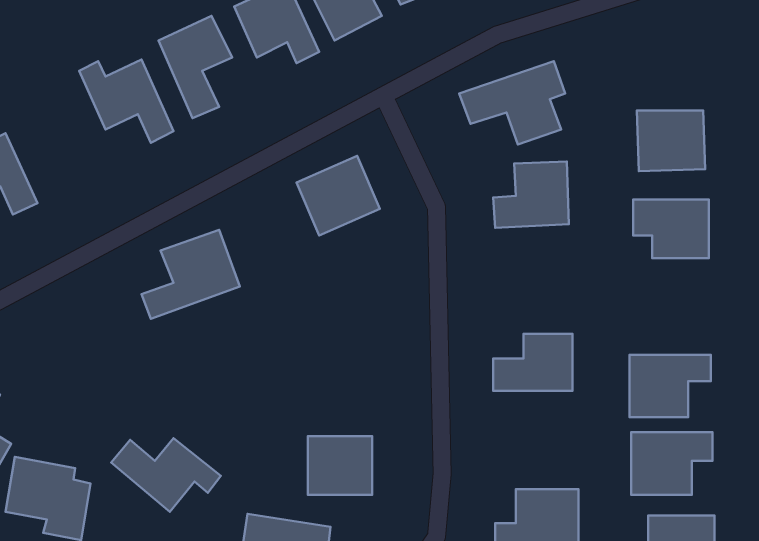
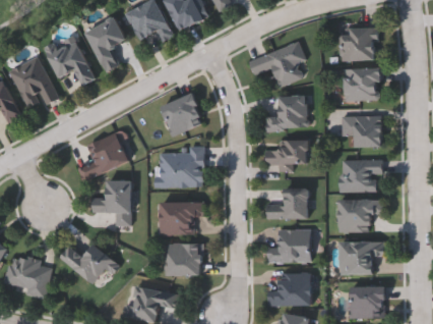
building: none -> [341,28,376,60]
building: none -> [9,57,57,108]
building: none -> [265,140,308,172]
building: none -> [159,148,203,186]
building: none -> [339,159,382,193]
building: none -> [91,180,131,226]
building: none -> [160,202,203,235]
building: none -> [267,229,310,263]

